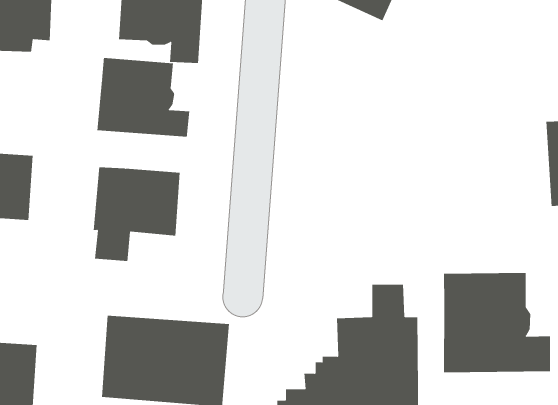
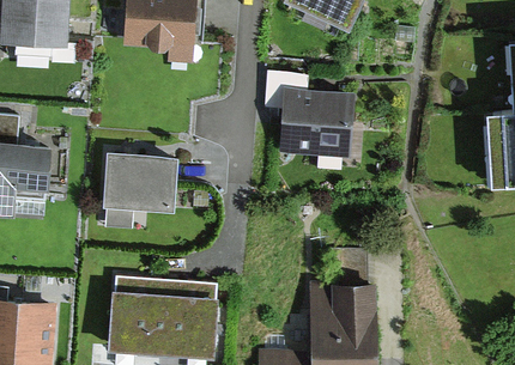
building: [97,57,190,138] -> none
building: none -> [263,71,352,158]
building: [444,272,551,373] -> none

